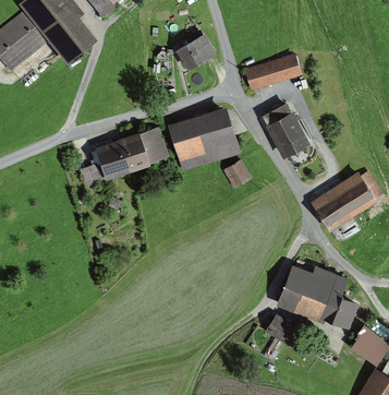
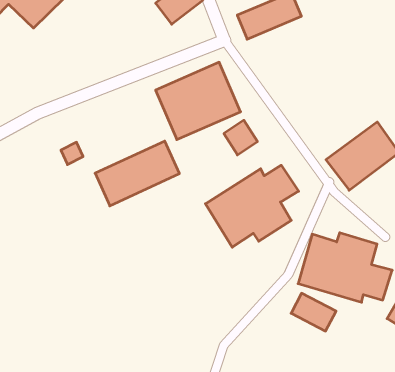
building: [262,104,307,157] -> none
building: [96,128,169,179] -> [95,141,179,206]
building: none -> [205,165,299,247]

